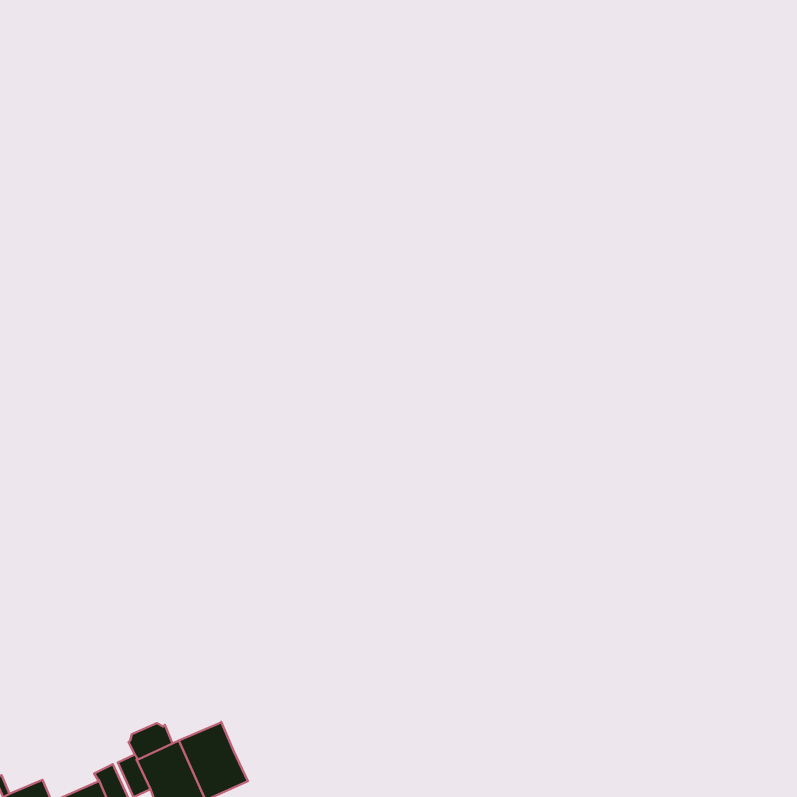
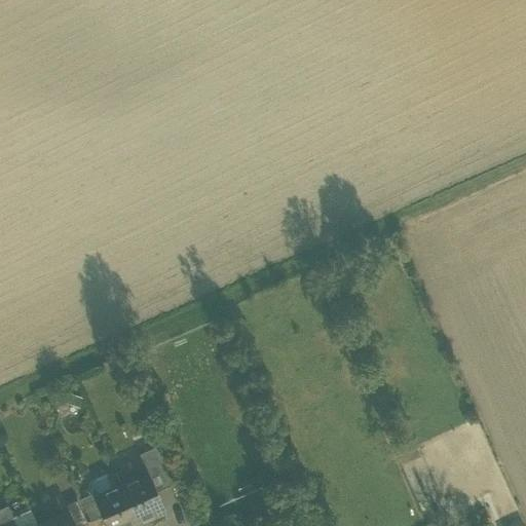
building: none -> [136,450,172,495]

